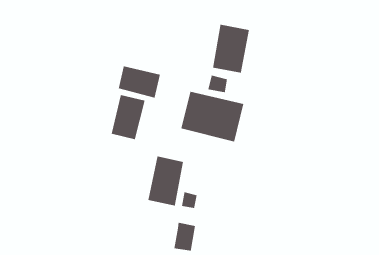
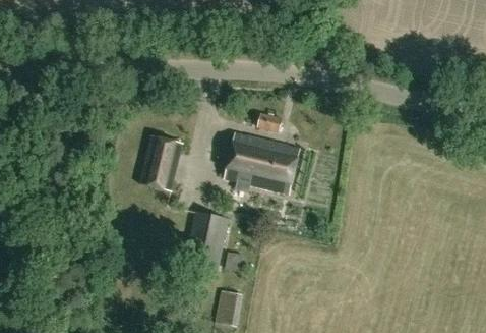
building: [213,24,250,74] -> none
building: [118,65,161,98] -> none

